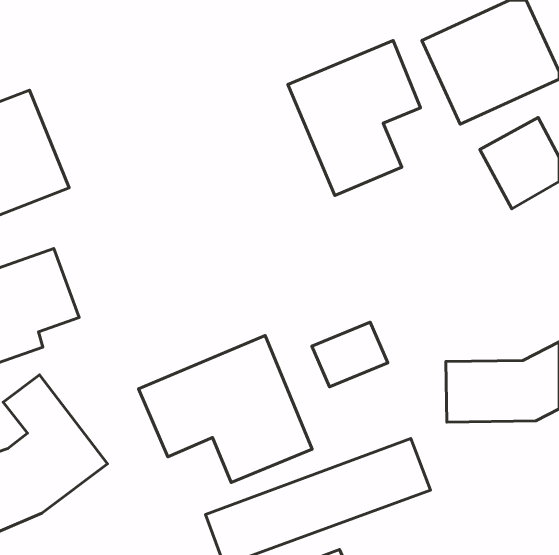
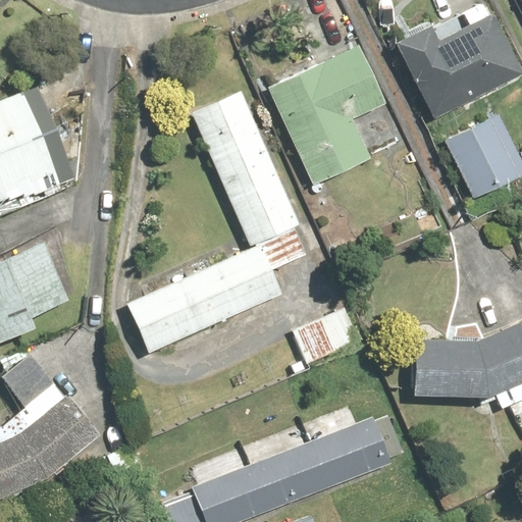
building: none -> [124,88,317,355]
building: [138,335,312,483] -> none

